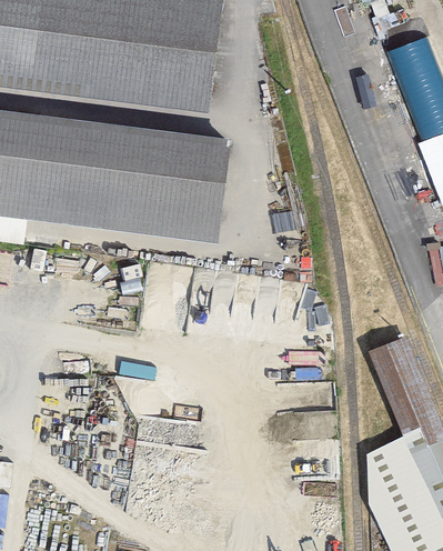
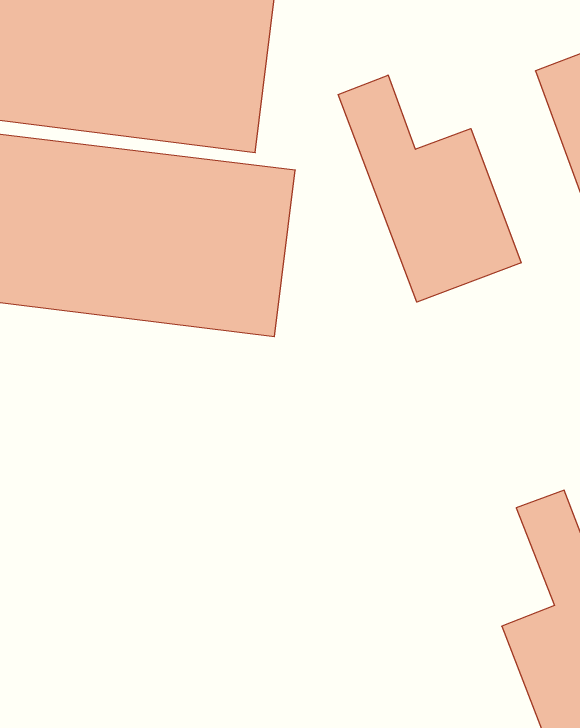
building: none -> [338,75,521,302]

